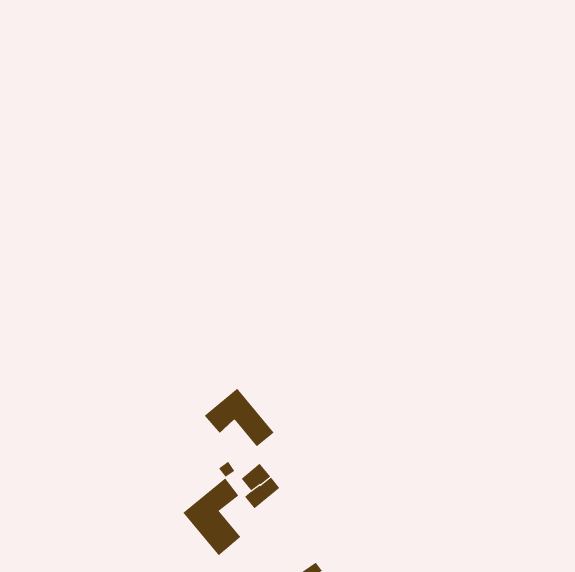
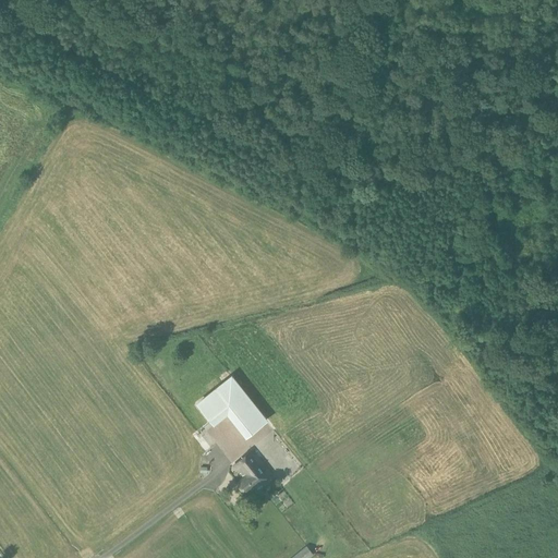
building: [183,478,241,556] -> none

